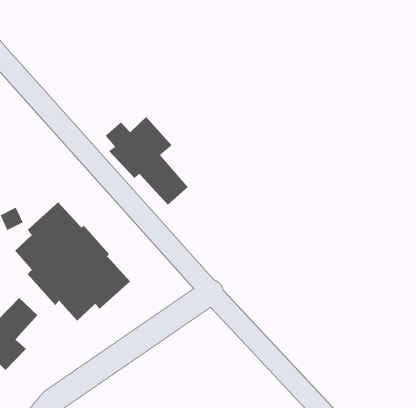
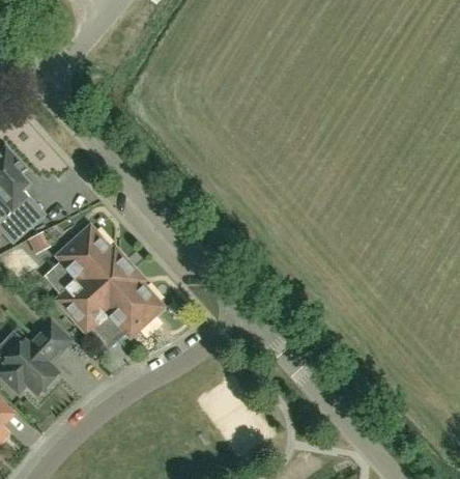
building: [105,116,189,205] -> none

